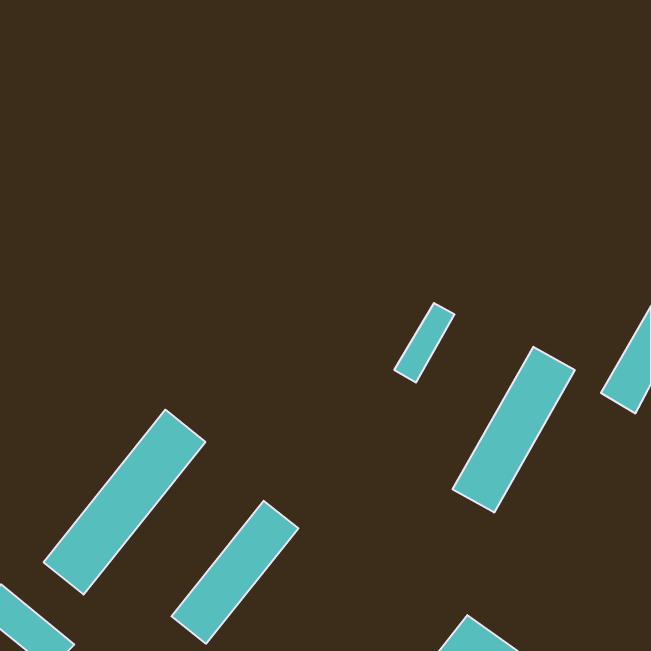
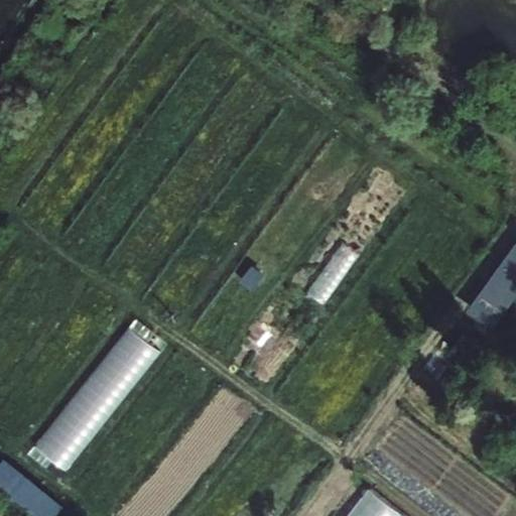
building: [453,347,575,513] -> none
building: [171,501,298,644] -> none

